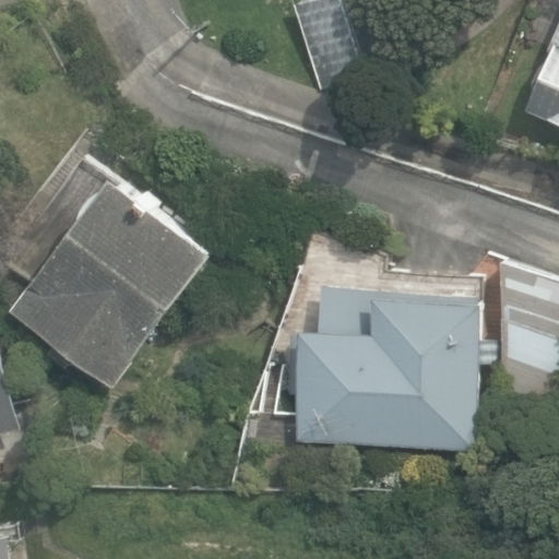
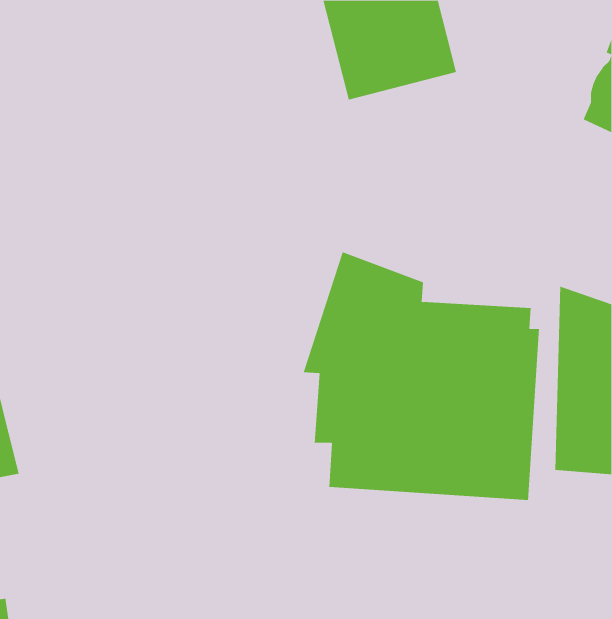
building: [11,176,214,384] -> none

